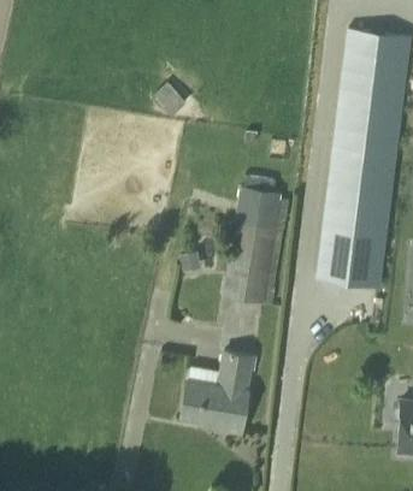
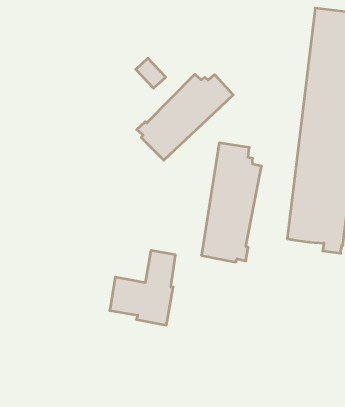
building: none -> [137,74,233,160]
building: [181,351,252,432] -> [110,250,175,325]

